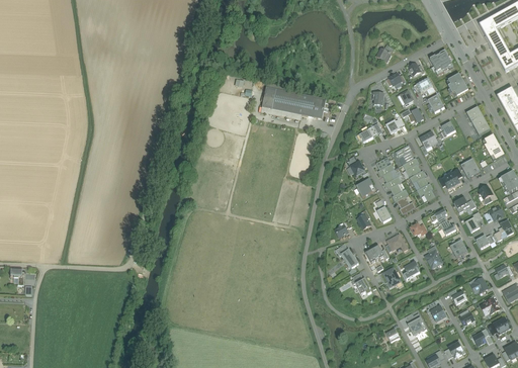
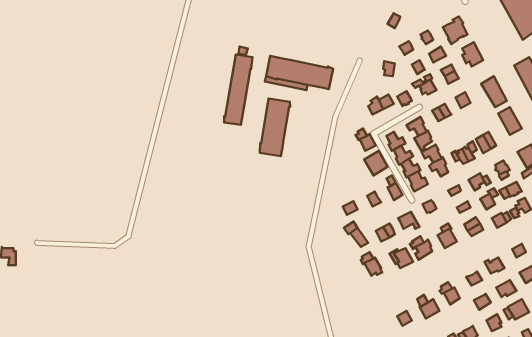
building: none -> [224,55,252,125]
building: none -> [260,98,290,156]

